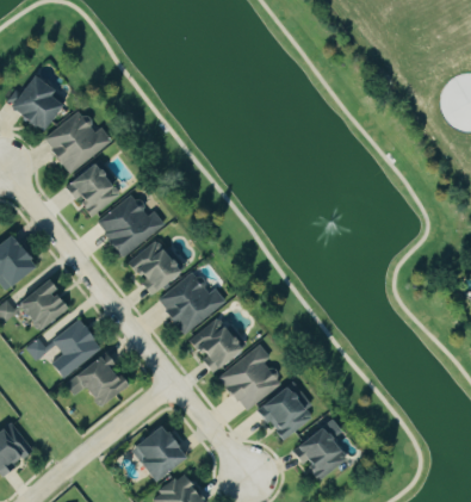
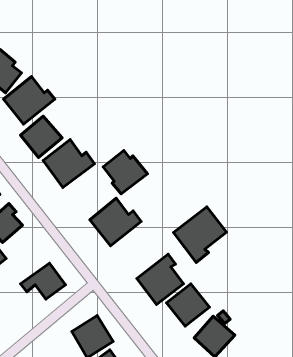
building: [128,240,186,297] -> [103,151,147,194]
building: none -> [174,207,226,262]
building: [186,315,247,376] -> none
building: [49,318,101,378] -> none

